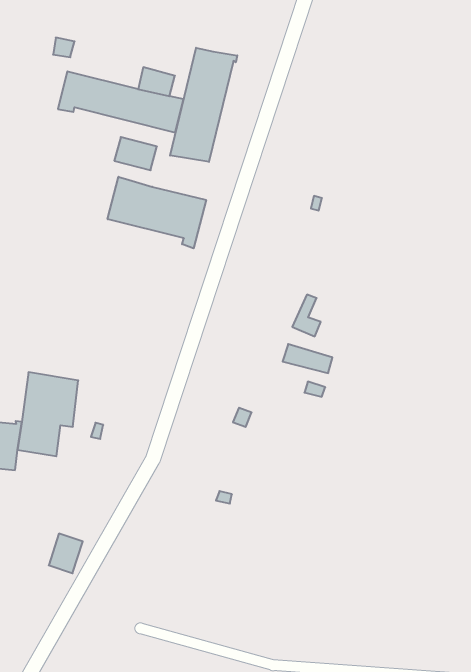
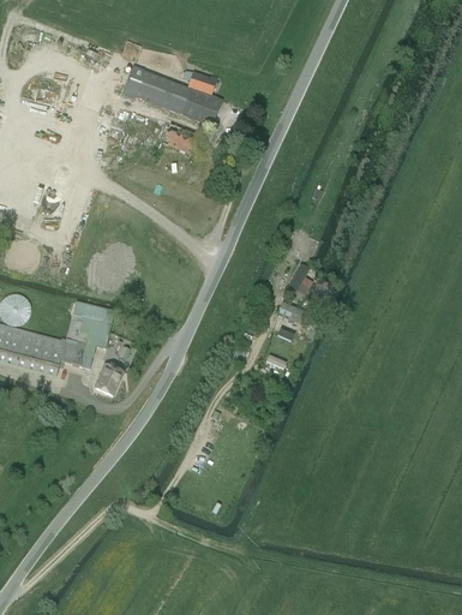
building: [170,48,237,162] -> none
building: [108,177,206,248] -> none
building: [49,534,83,573] -> [95,362,124,394]

